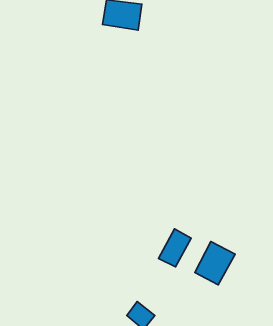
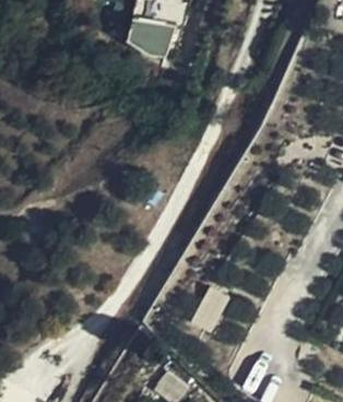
building: [195,241,235,285] -> none

